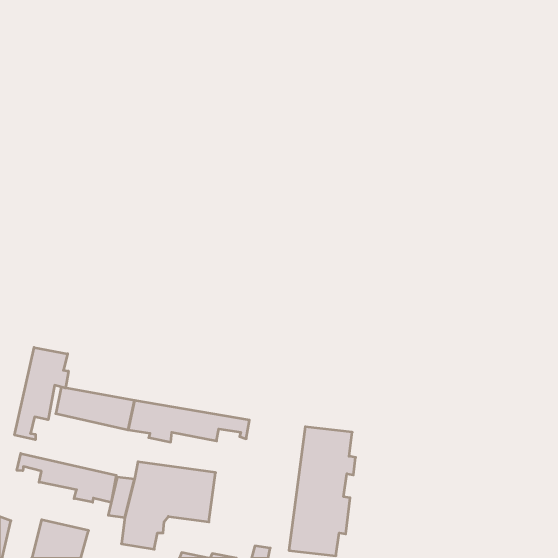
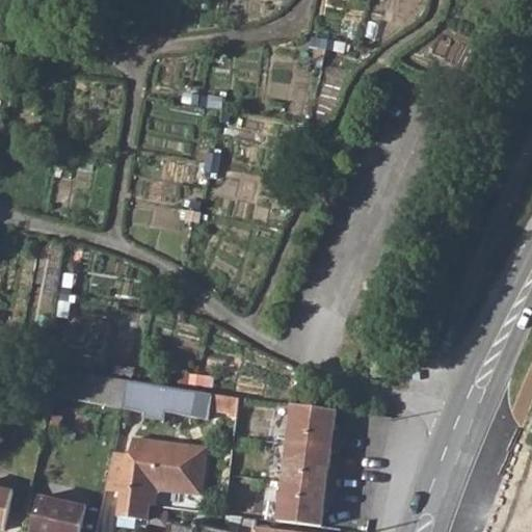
building: [15,347,68,440] -> none
building: [17,453,116,503] -> none

